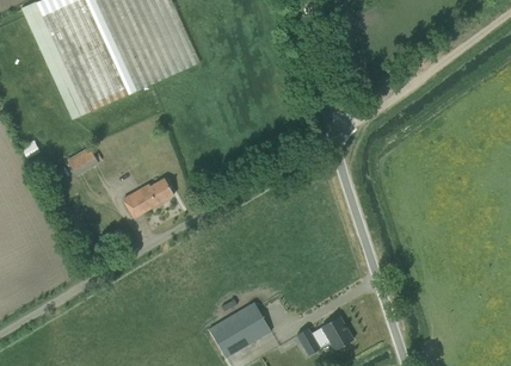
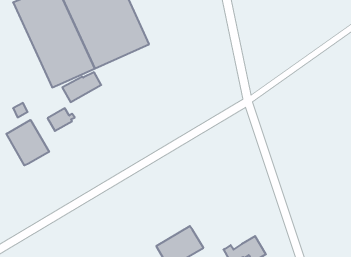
building: none -> [6,120,49,165]
building: [123,178,174,217] -> [62,72,101,102]

